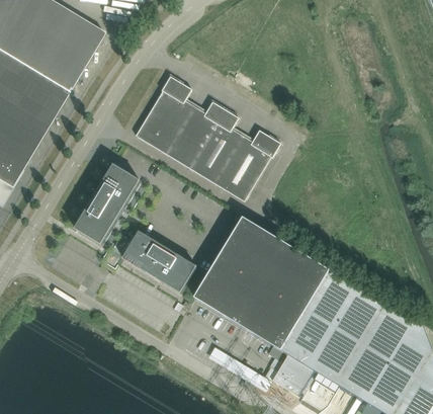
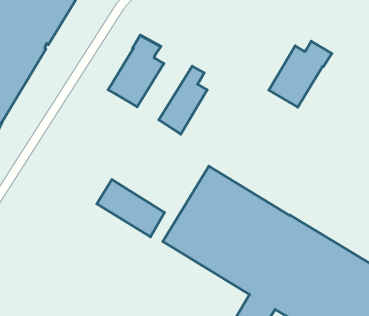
building: [166,101,225,167] -> none
building: [212,130,280,200] -> [269,41,332,107]
building: [75,165,140,244] -> none

